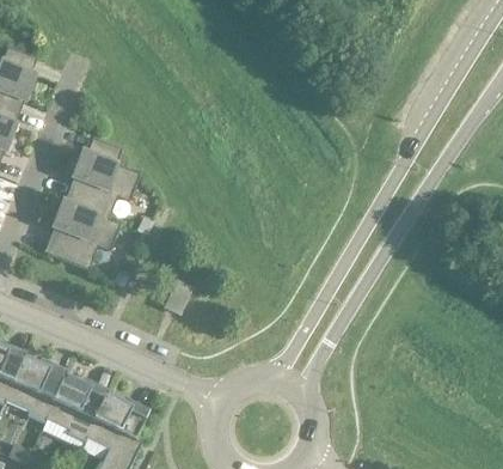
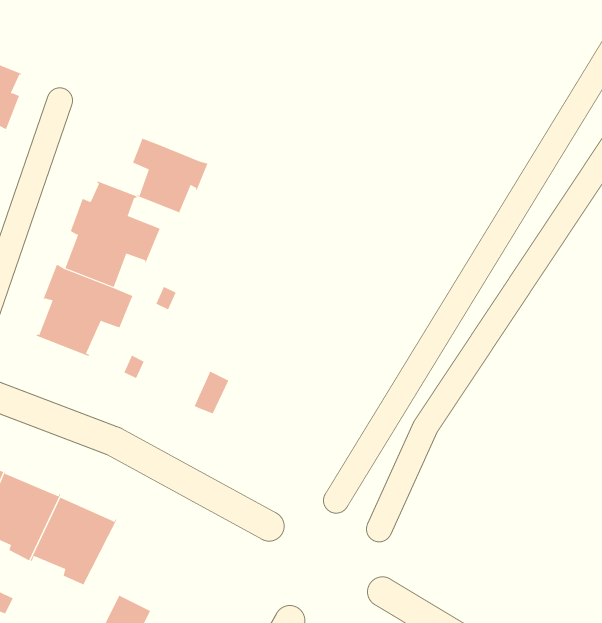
building: none -> [132,138,208,214]
building: [82,390,148,458] -> none

